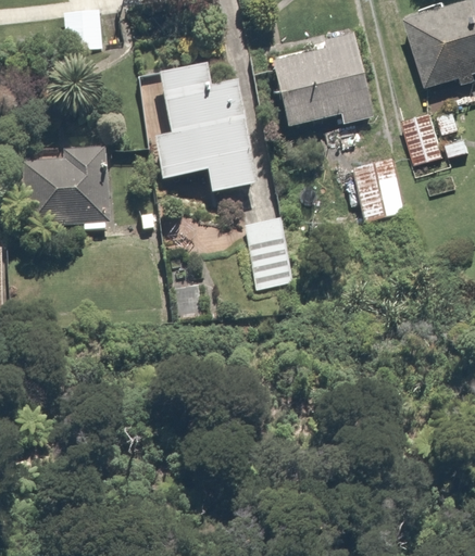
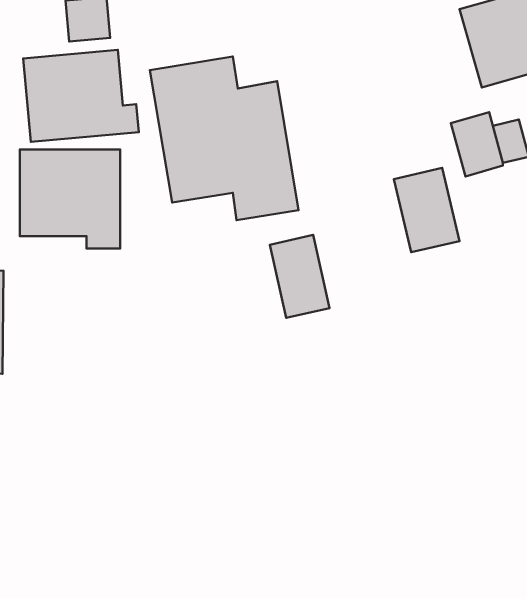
building: [266,29,378,130] -> none
building: none -> [23,50,139,142]

